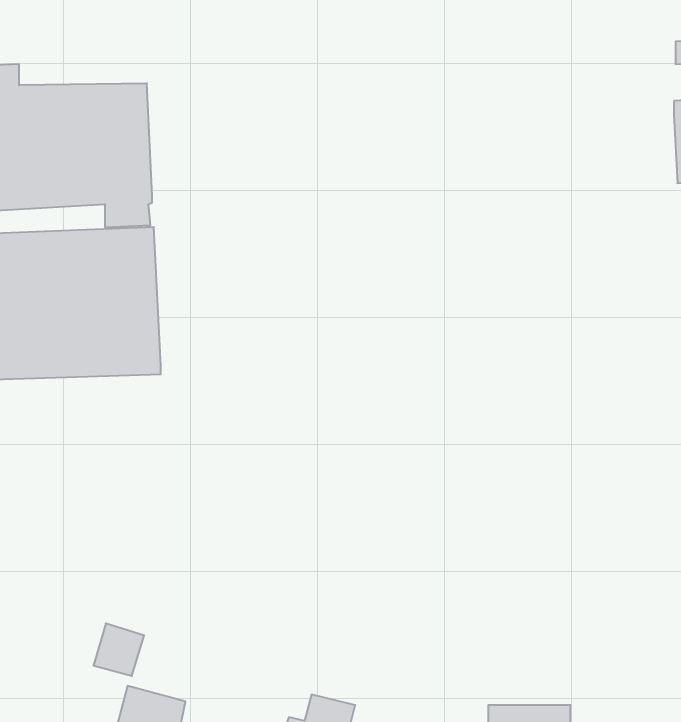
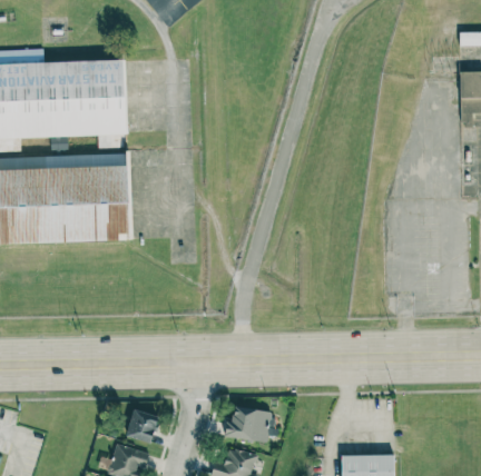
building: [93,623,144,676] -> [126,409,158,443]
building: none -> [225,408,271,440]

